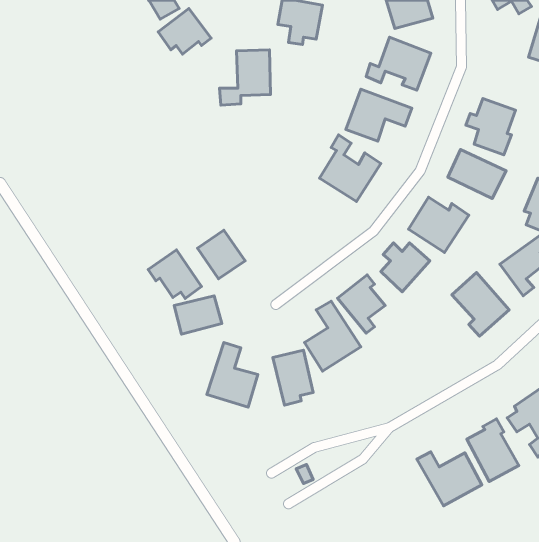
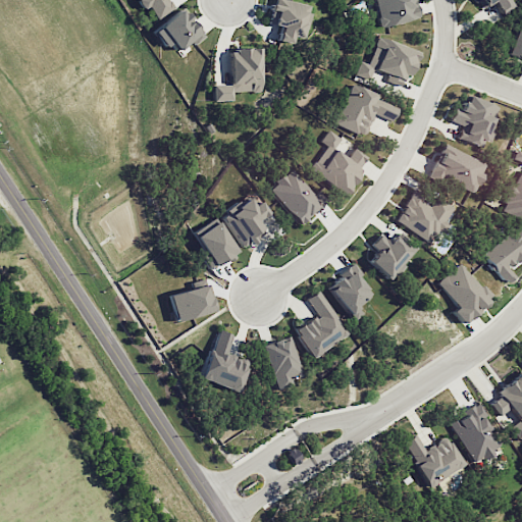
building: none -> [267,167,323,224]
building: none -> [221,197,268,248]
building: [148,250,201,299] -> none

